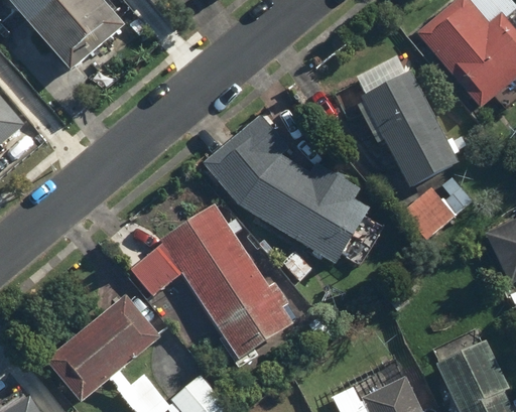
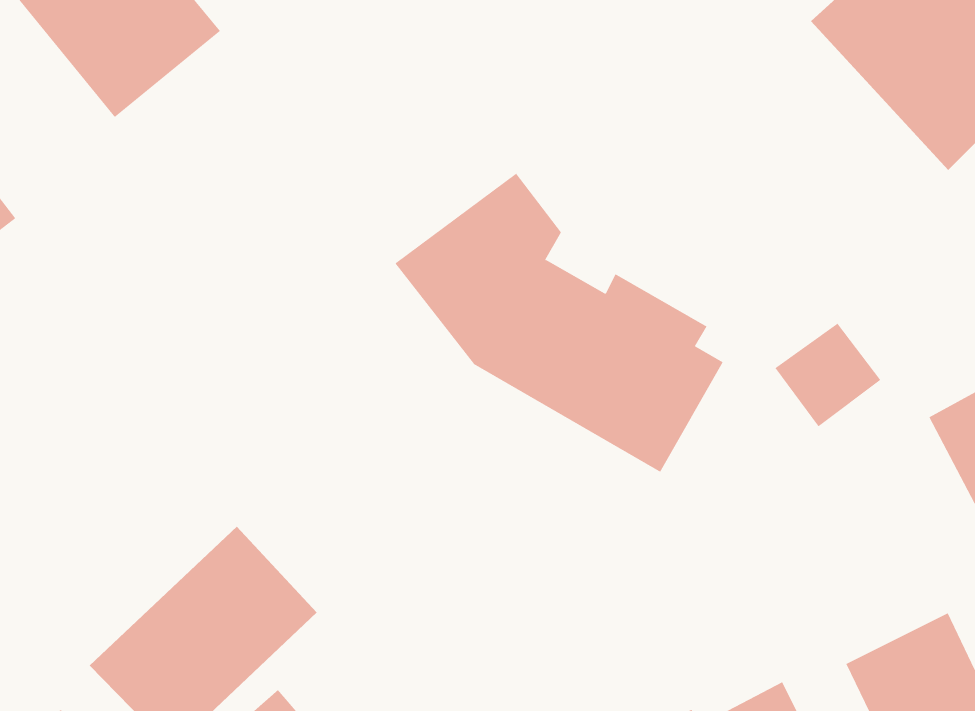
building: [360,65,464,189] -> none
building: [125,200,296,361] -> none

